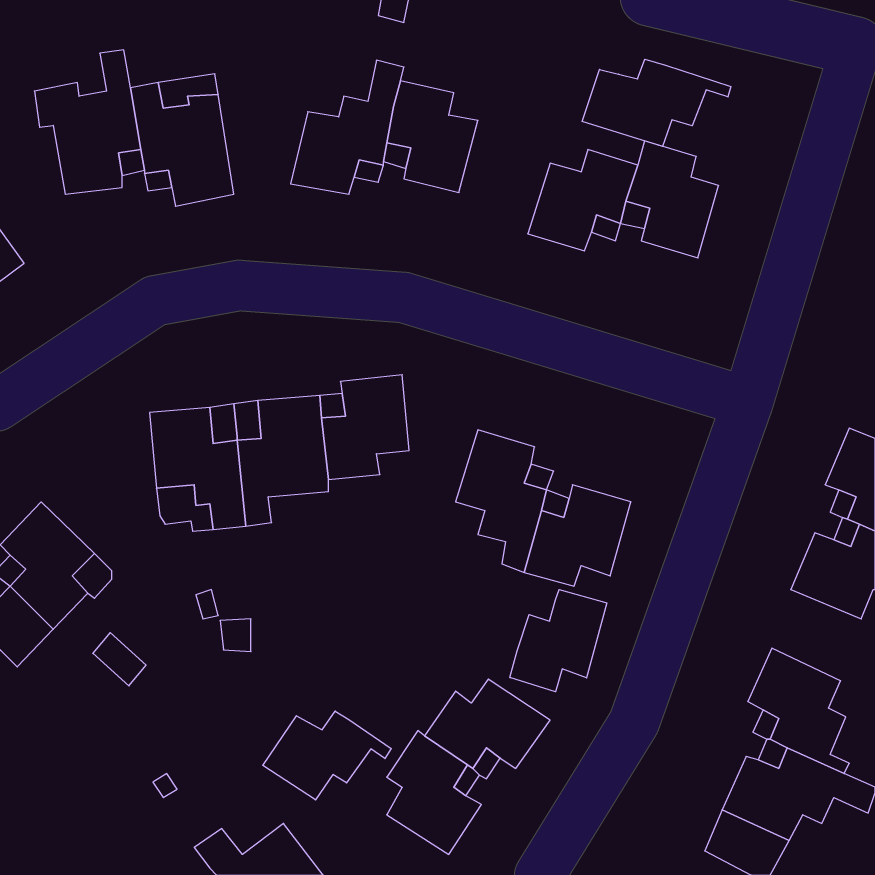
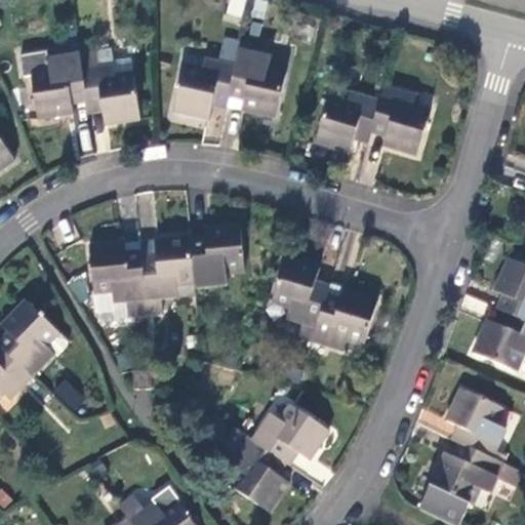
building: [582,59,731,146] -> none
building: [510,590,607,692] -> none
building: [263,711,391,800] -> none

